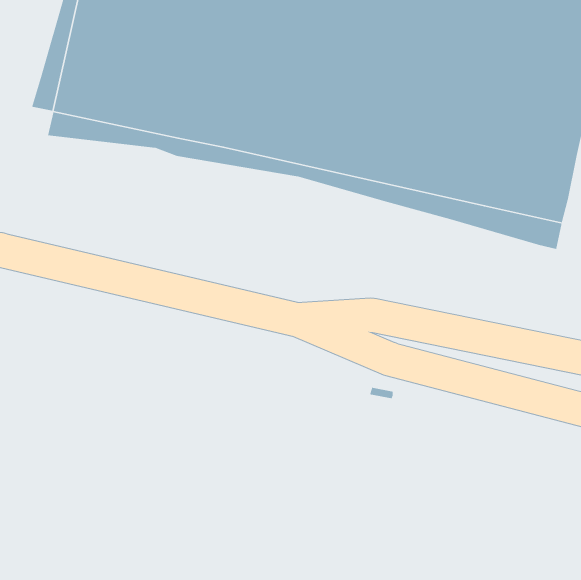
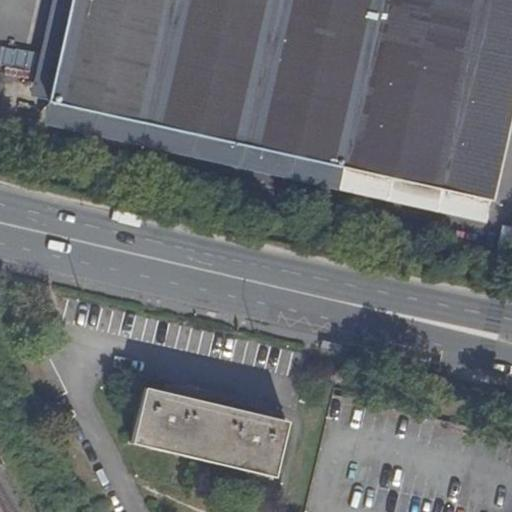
building: none -> [135,384,288,471]

